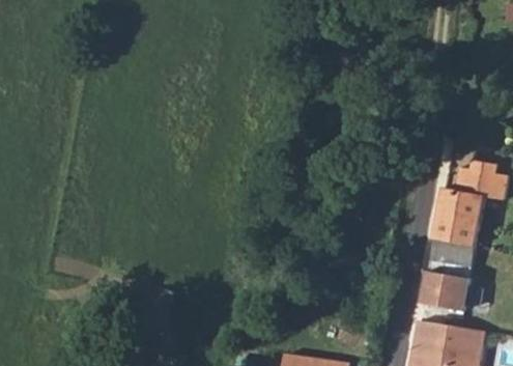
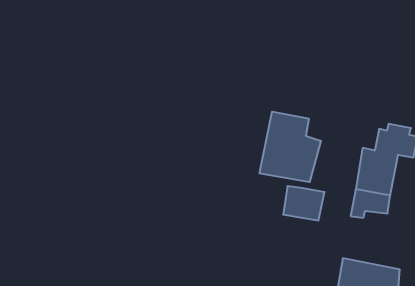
building: none -> [260,112,321,182]
building: [421,270,471,311] -> [283,186,325,221]

